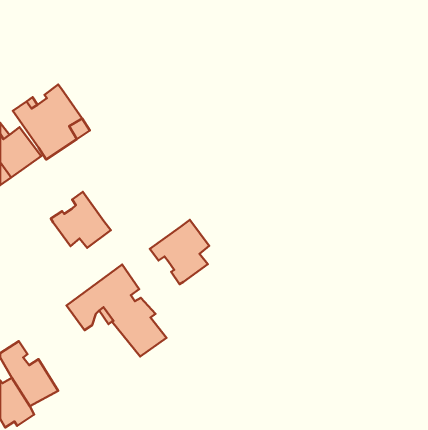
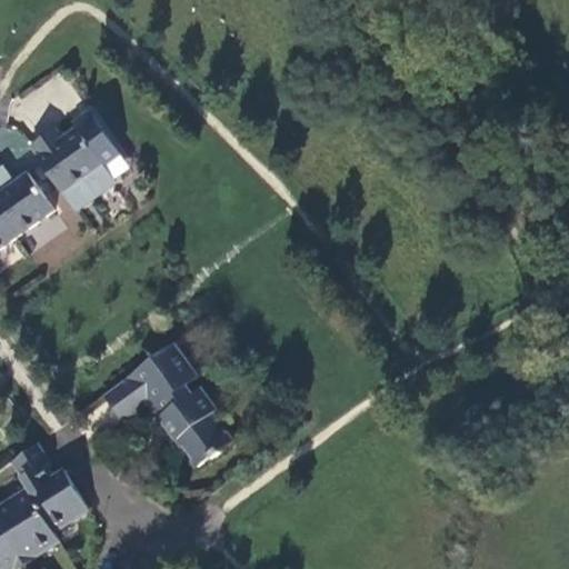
building: [51,192,111,248] -> none
building: [150,220,209,284] -> none

